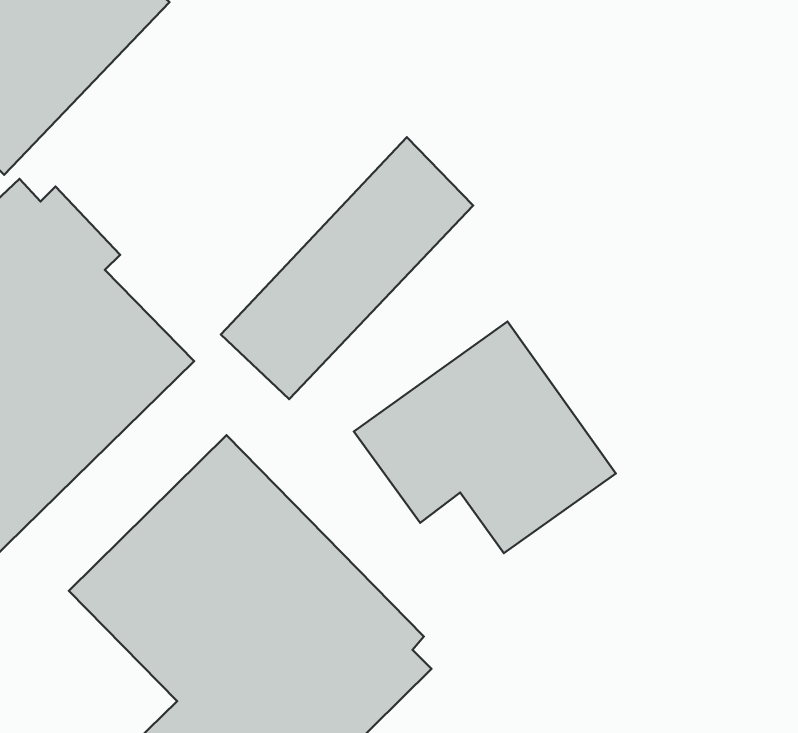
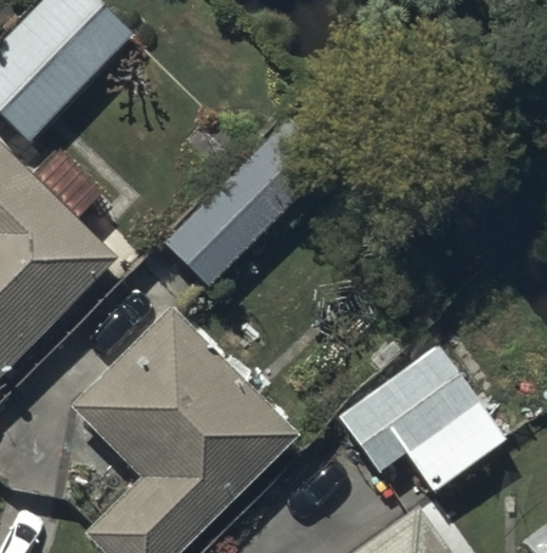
building: [354,321,616,553] -> [337,344,504,492]

